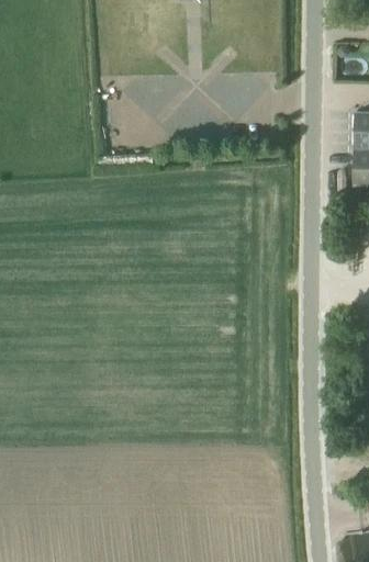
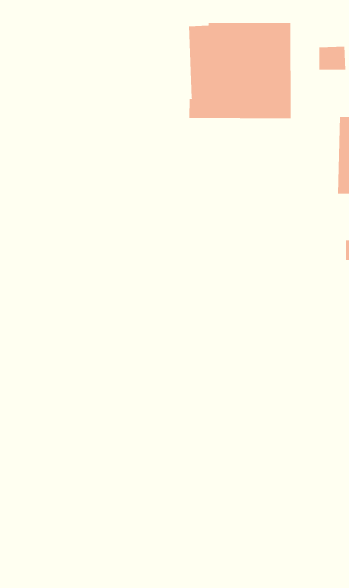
building: none -> [188,22,291,119]

